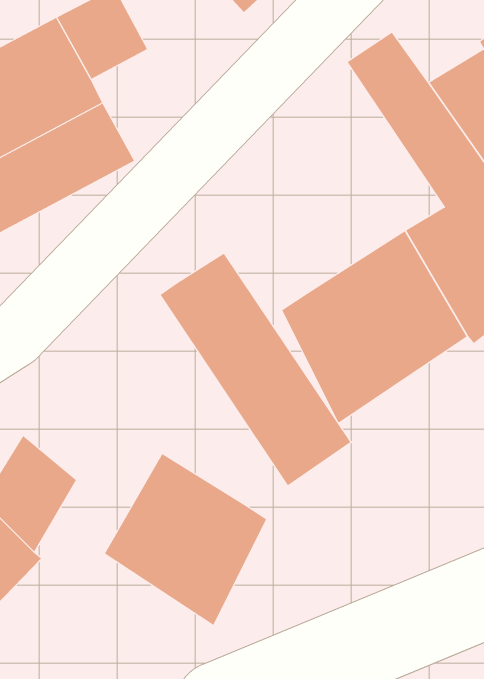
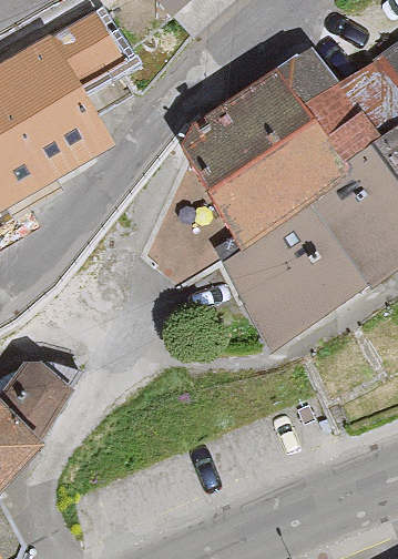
building: none -> [188,70,349,246]
building: [160,253,351,486] -> none
building: [104,453,267,626] -> none

